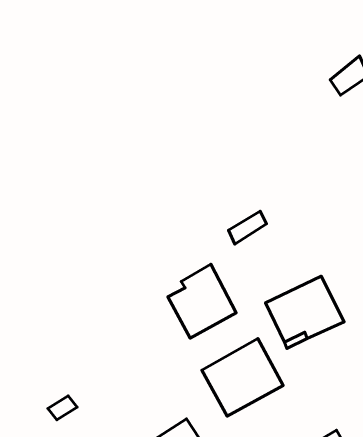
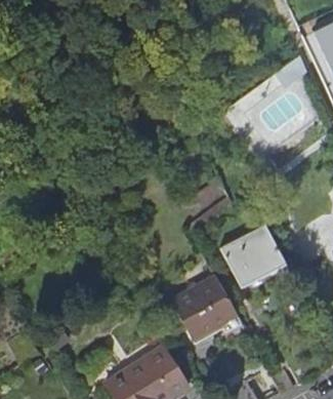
building: [168,264,236,338] -> none

